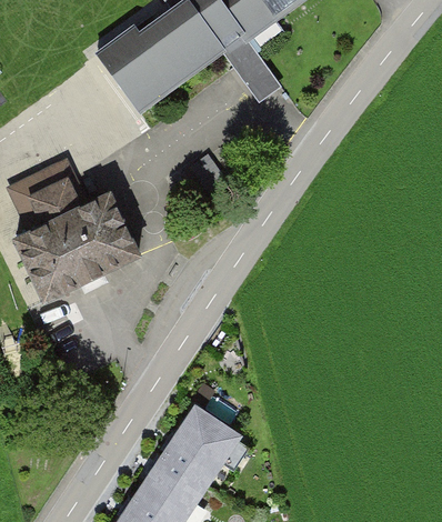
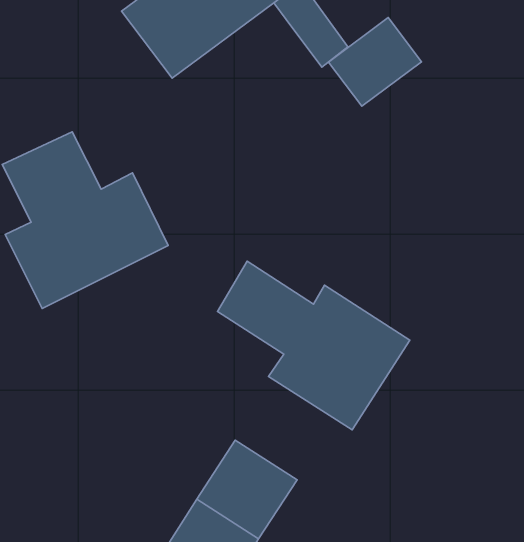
building: none -> [328,18,421,106]
building: none -> [217,261,410,430]

